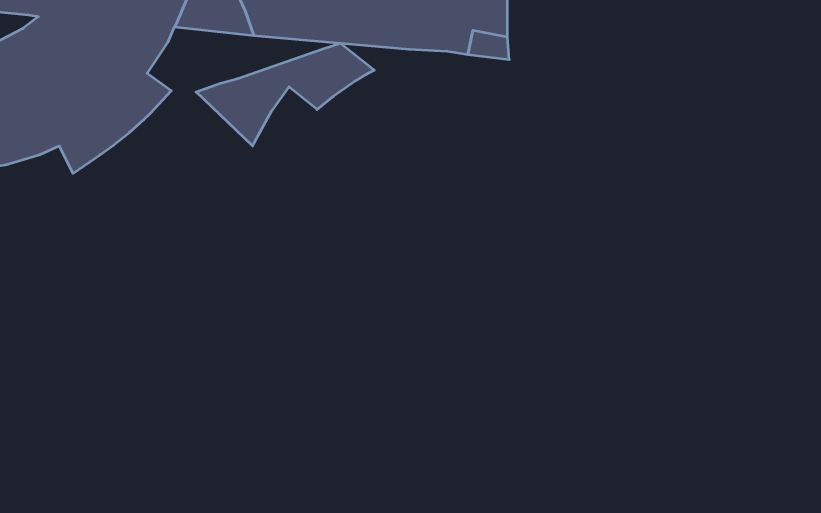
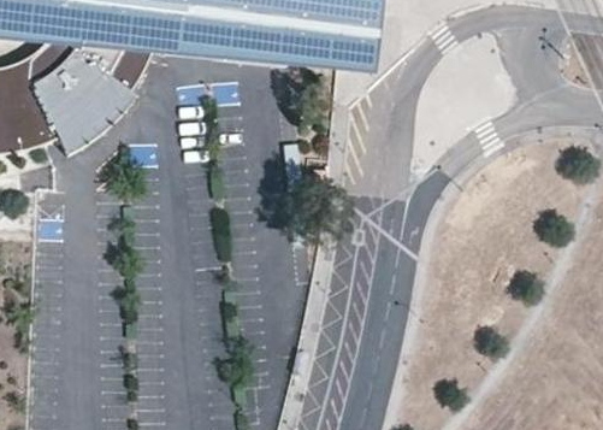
building: [196,43,374,146] -> none

